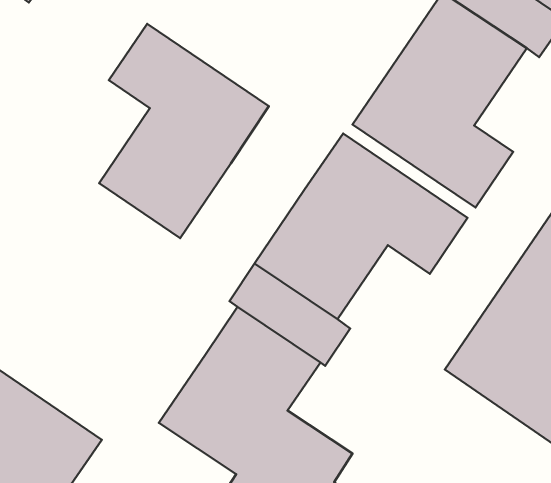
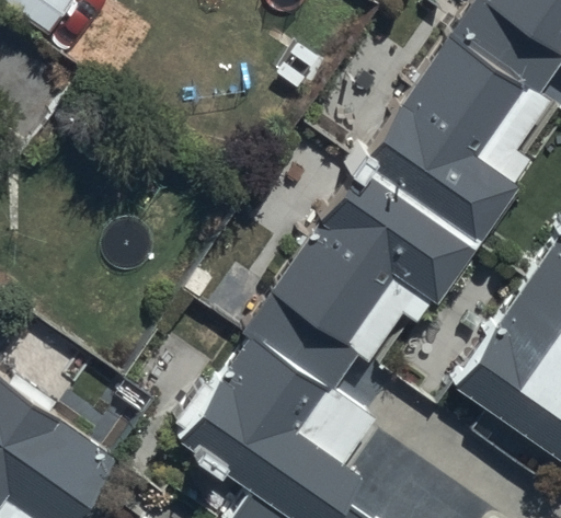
building: [99,24,269,238] -> none

